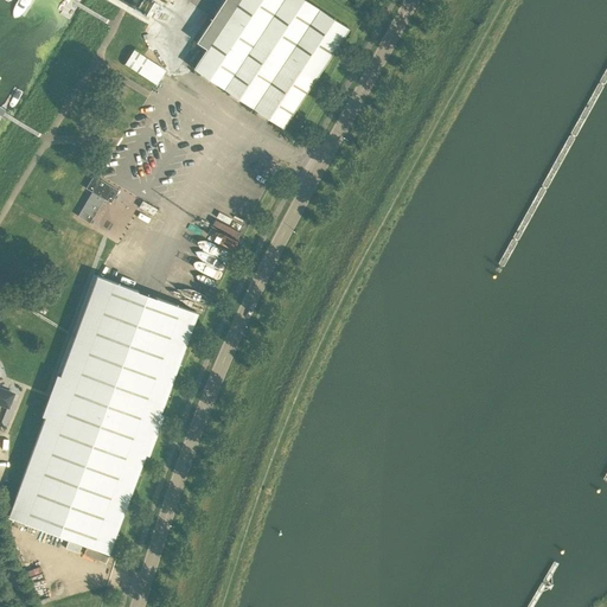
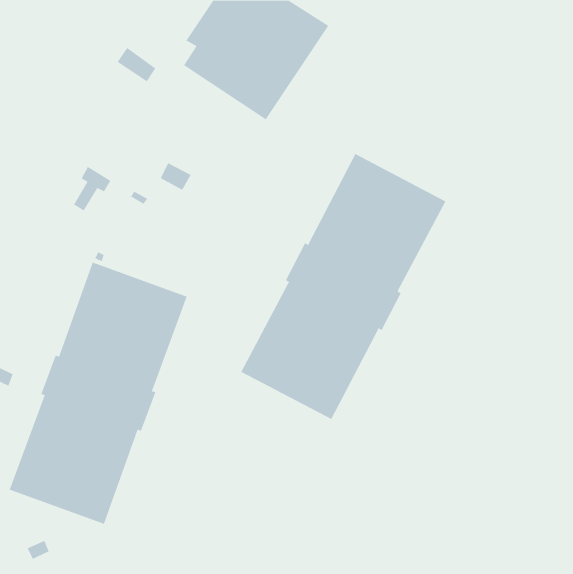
building: none -> [240,153,446,420]
building: [206,219,239,249] -> [160,163,191,191]

